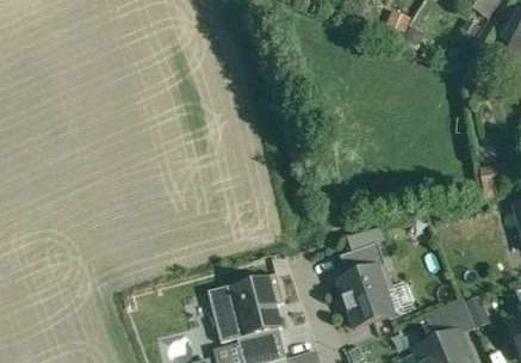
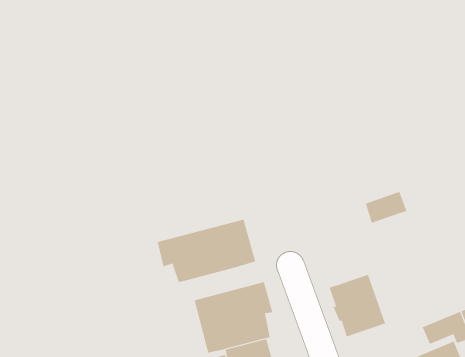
building: none -> [157,219,256,283]
building: [342,245,383,276] -> [365,191,407,223]

